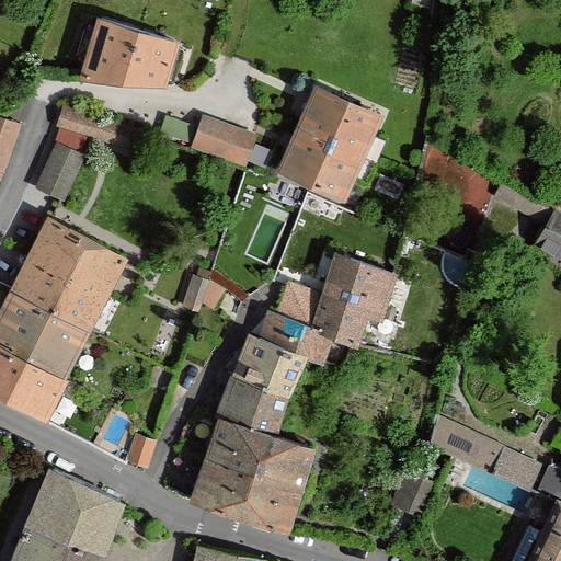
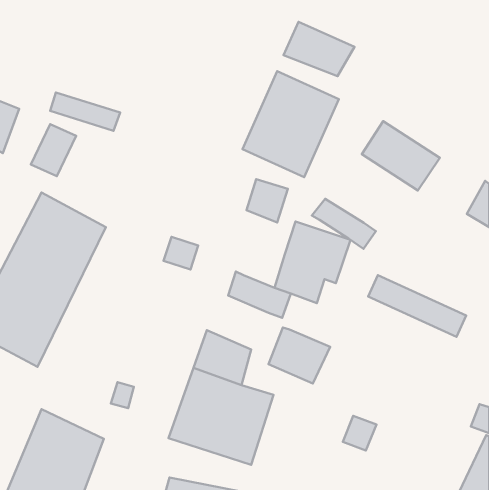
building: [78,18,179,85] -> none
building: none -> [284,22,354,76]
building: [193,117,254,164] -> none
building: none -> [312,199,376,249]
building: [277,280,324,330] -> [247,179,288,223]
building: [236,336,306,400] -> [268,328,330,383]
building: [425,416,537,486] -> [368,275,466,337]

